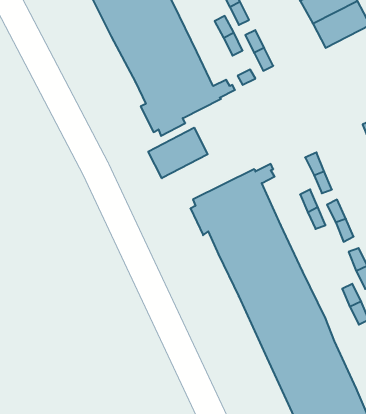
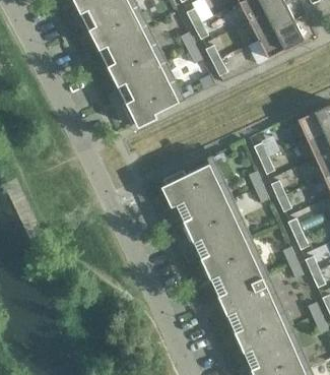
building: [148,128,208,178] -> none

